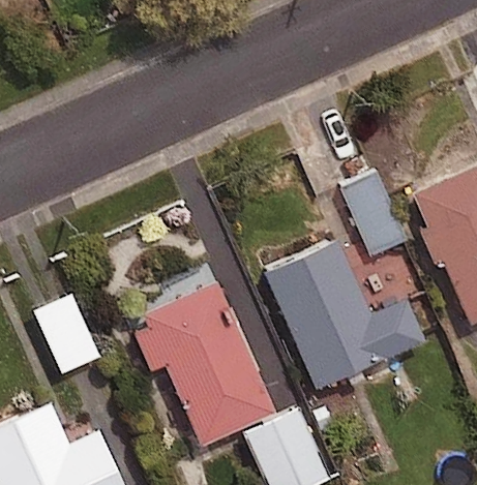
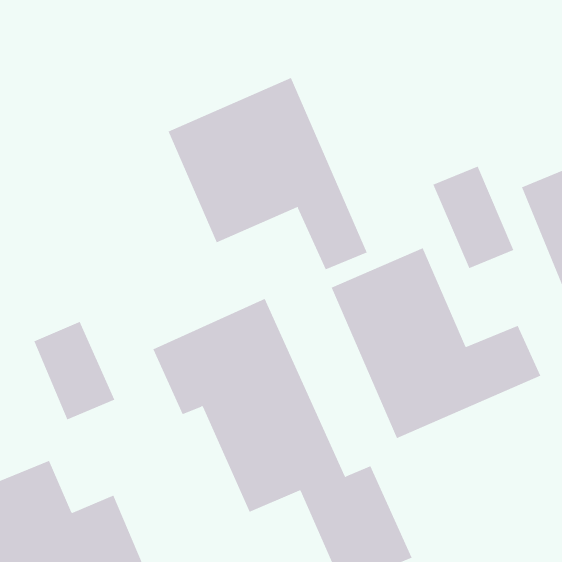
building: none -> [168,77,368,270]

